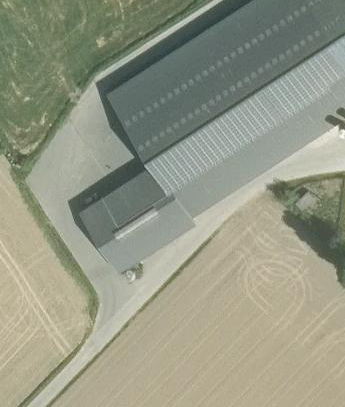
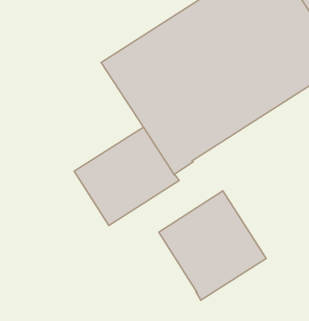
building: none -> [159,191,266,300]

